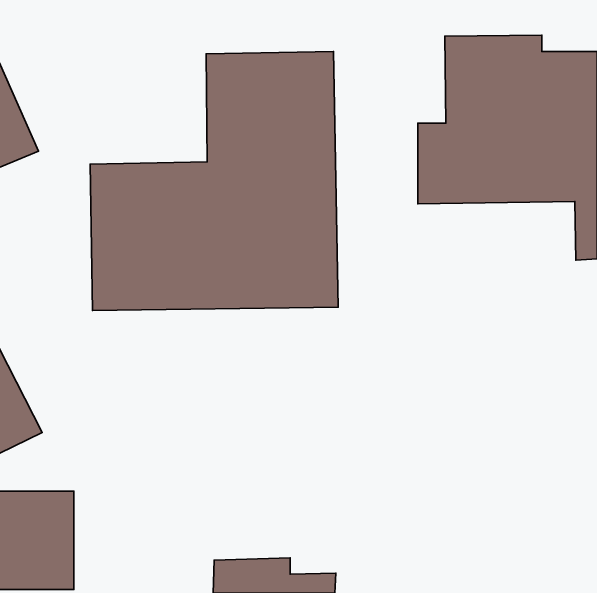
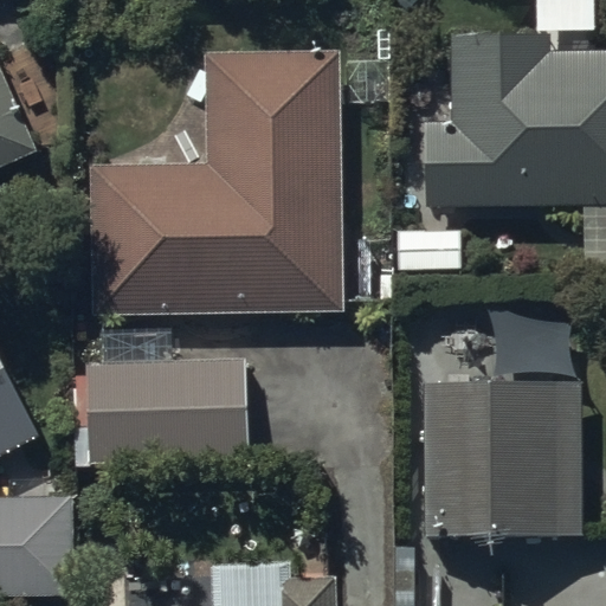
building: none -> [88,361,249,458]
building: none -> [421,382,580,537]

